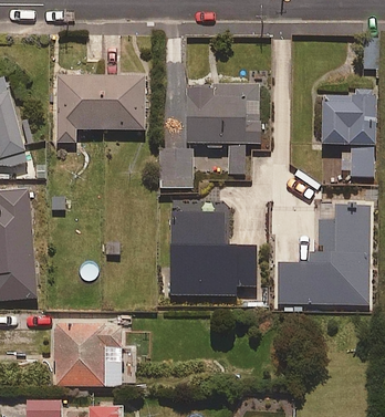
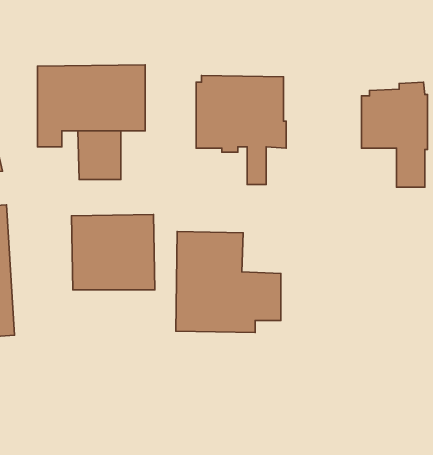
building: [158,148,194,188] -> [78,131,121,179]
building: [278,209,370,304] -> none
building: [53,324,122,386] -> [71,215,155,290]

